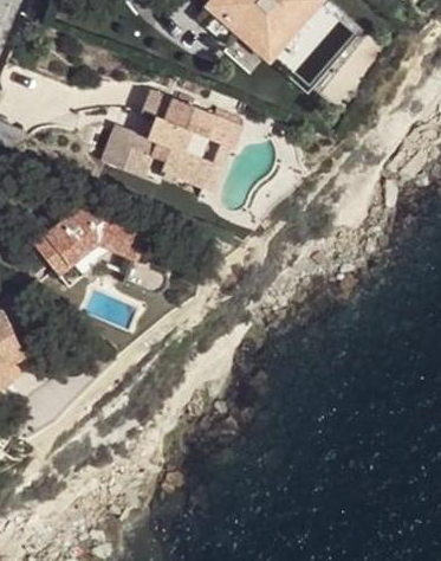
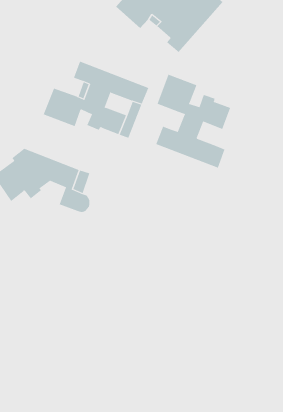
building: none -> [155,74,231,169]

